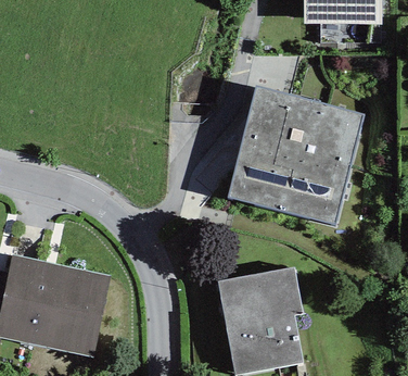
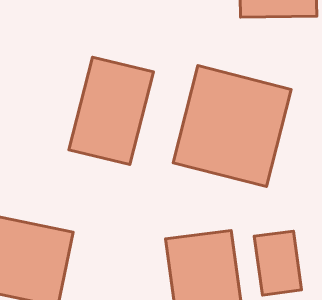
building: none -> [69,57,153,165]
building: none -> [254,231,302,295]

